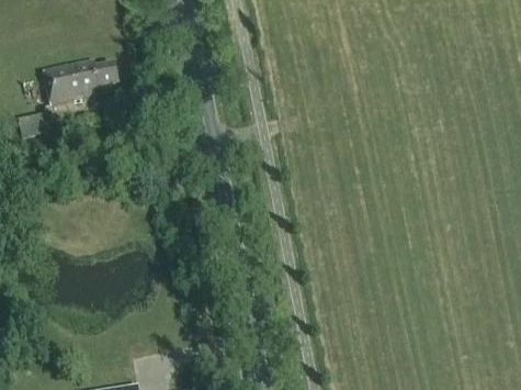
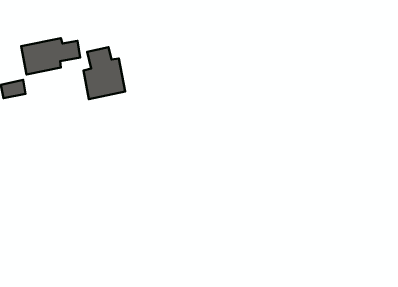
building: none -> [83,47,125,99]

